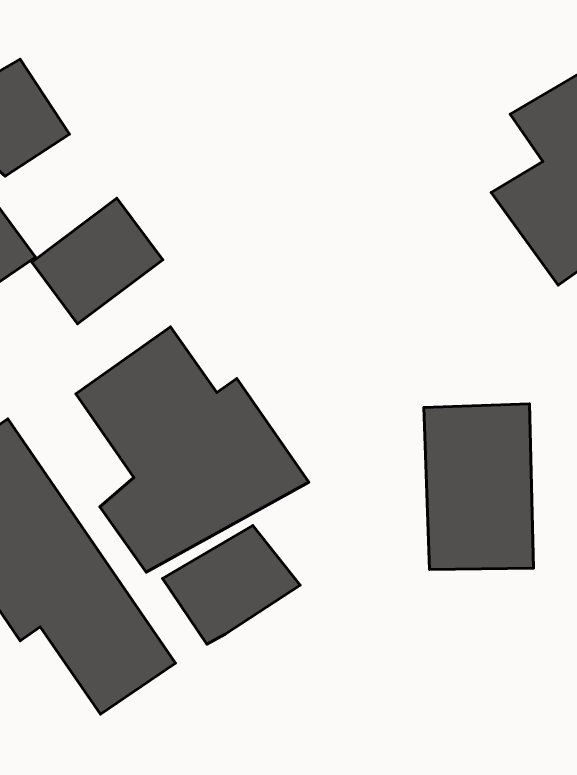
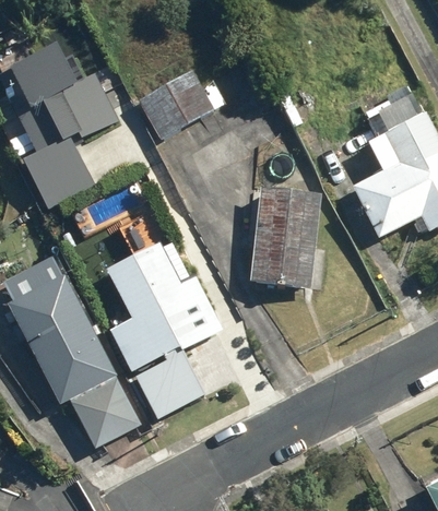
building: [32,198,163,324] -> [135,73,209,141]
building: [424,404,533,569] -> [251,186,317,282]

